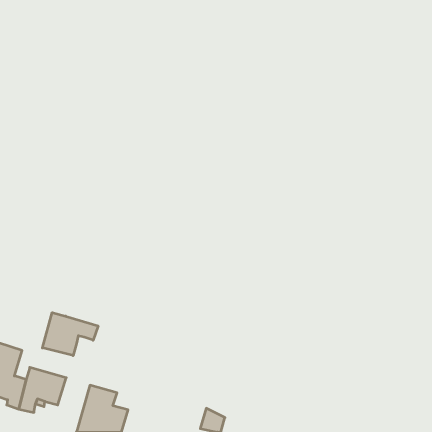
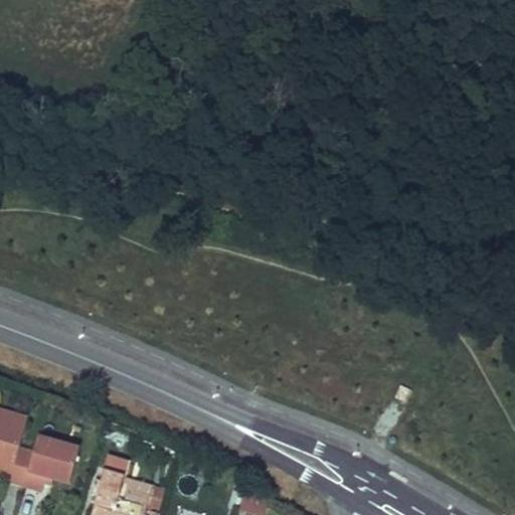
building: [42,313,98,356] -> none

